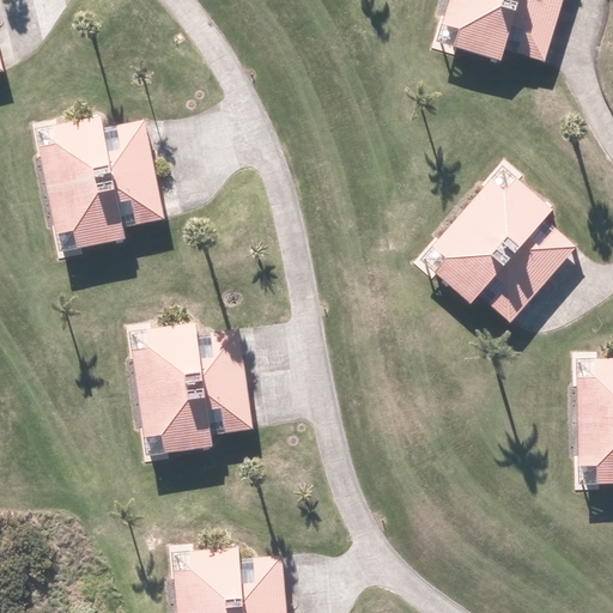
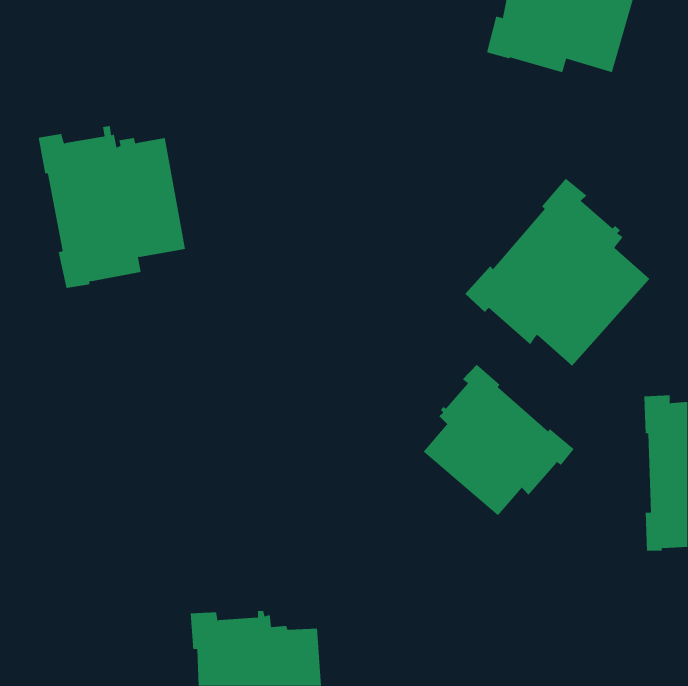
building: [126,318,254,461] -> none
building: none -> [423,364,574,516]

